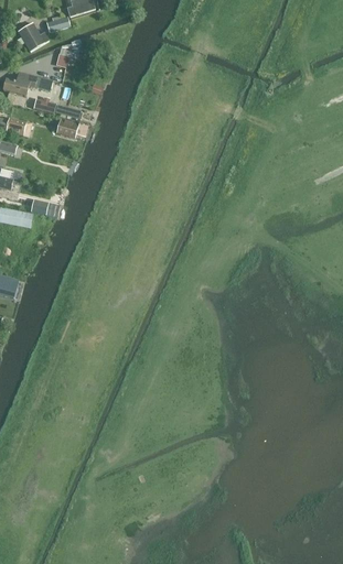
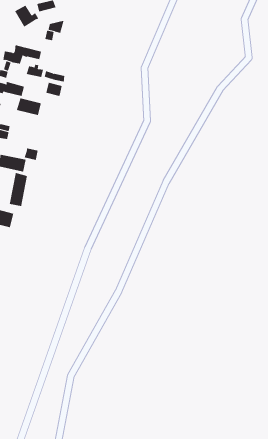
building: none -> [16,98,41,116]
building: none -> [9,172,28,207]

